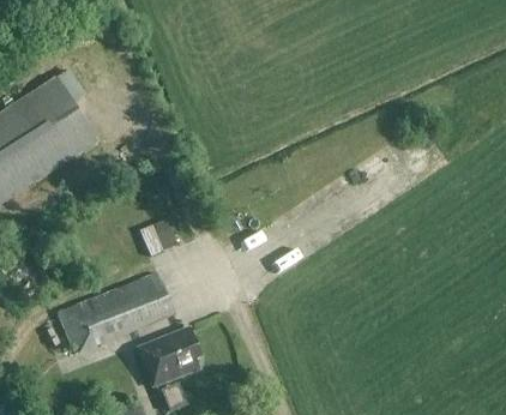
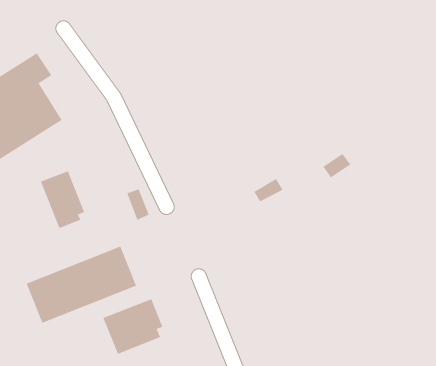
building: none -> [40,170,85,229]

